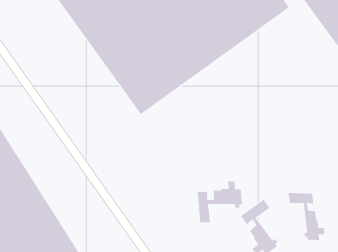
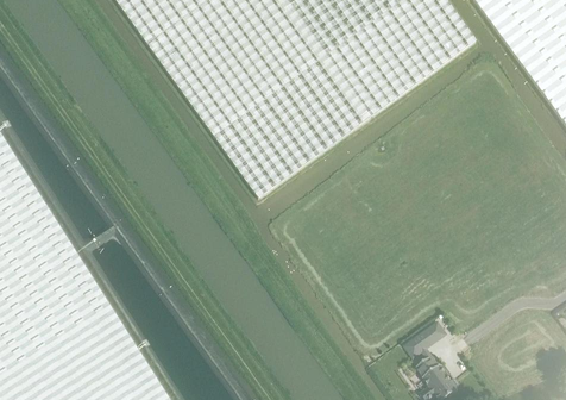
building: [197,180,242,223] -> none
building: [288,192,325,241] -> none

